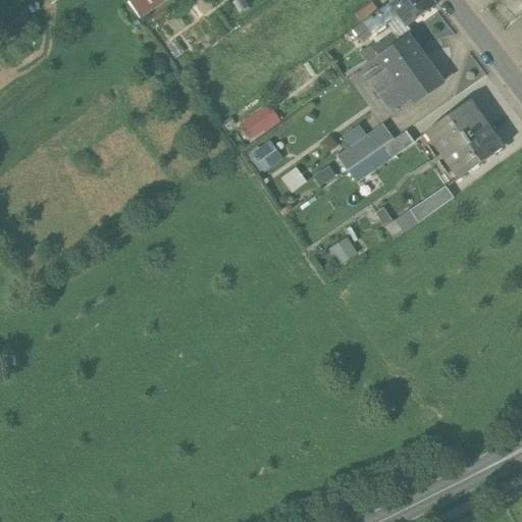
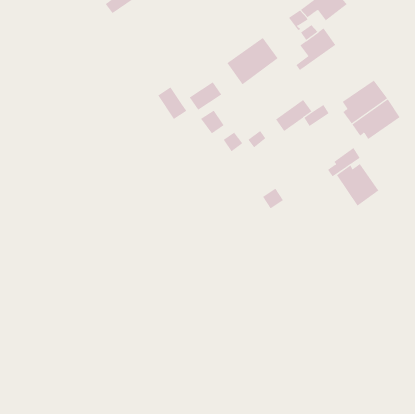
building: [376,56,441,116] -> [227,37,279,85]
building: none -> [157,87,187,120]
building: none -> [336,163,379,206]

